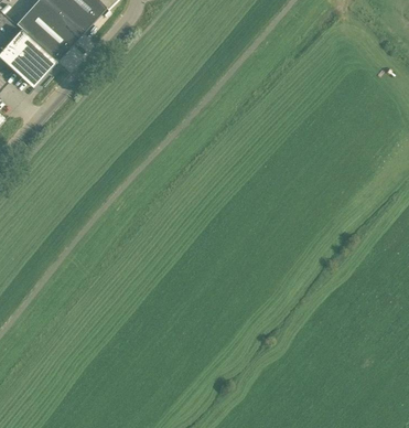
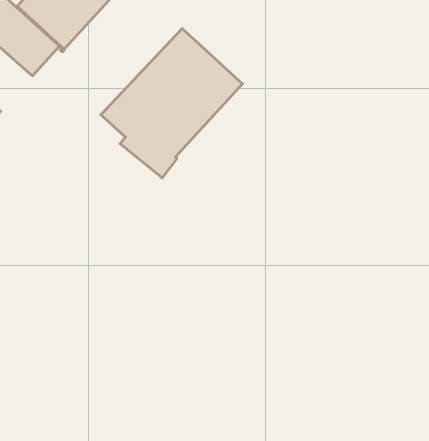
building: none -> [101,28,243,178]

